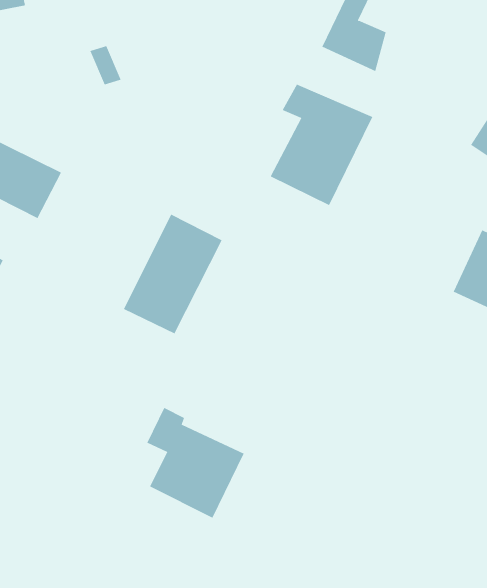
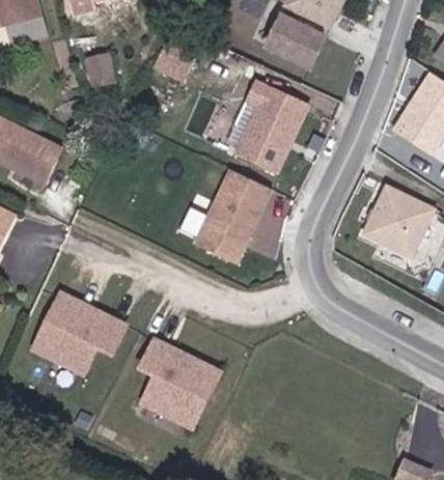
building: [123,214,223,334] -> [201,176,279,271]
building: none -> [27,292,119,366]

